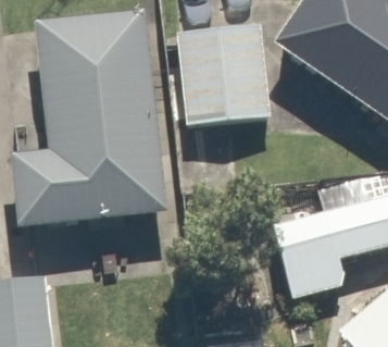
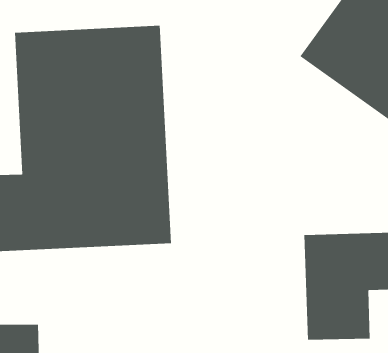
building: [182,39,259,129] -> none

